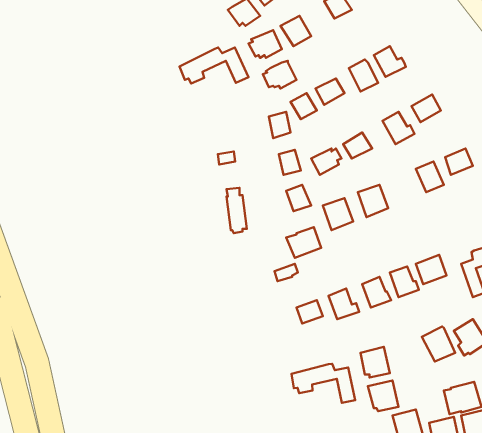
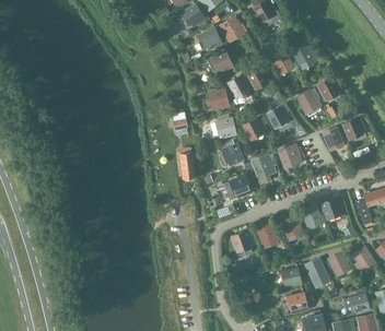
building: [180,48,248,83] -> none
building: none -> [303,257,332,286]
building: [292,364,355,403] -> none

